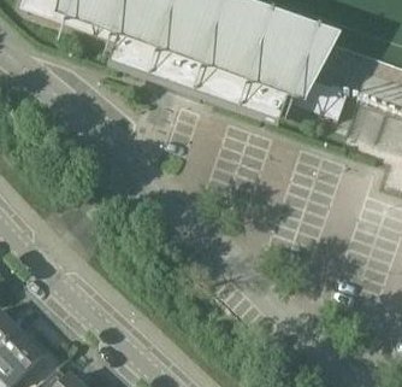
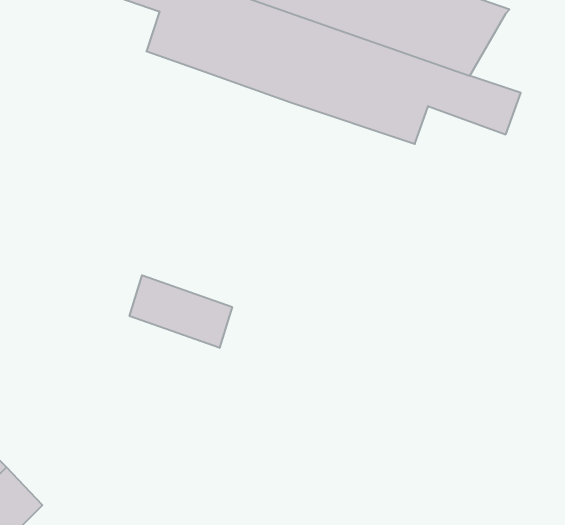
building: none -> [130,275,232,348]

